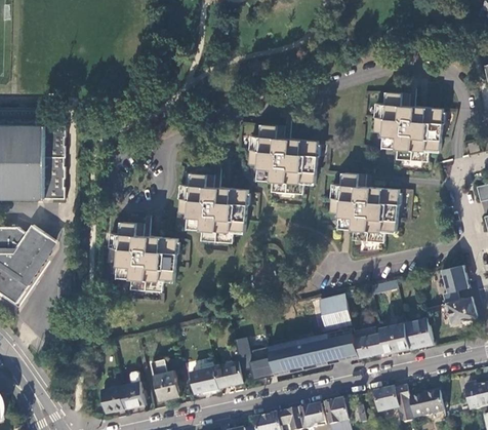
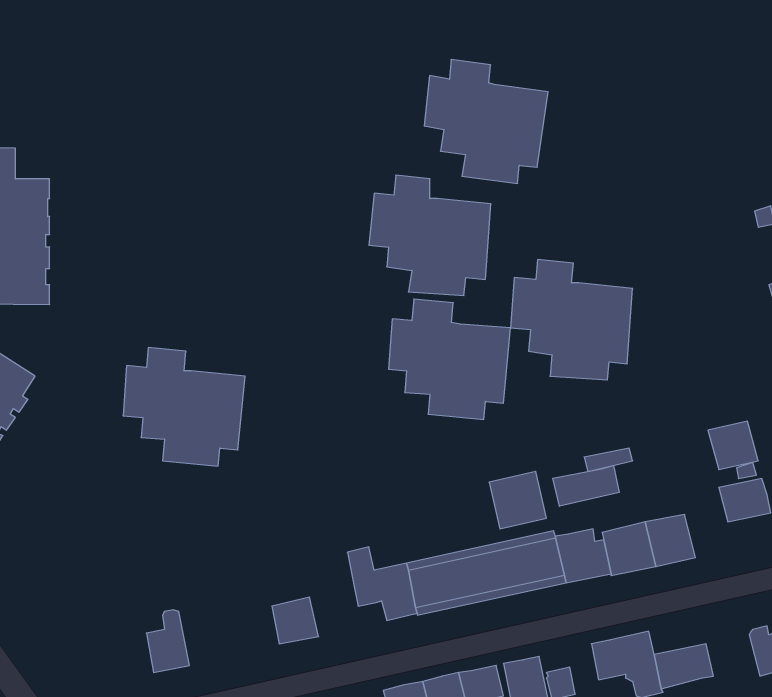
building: [374,91,445,162] -> [424,60,548,183]
building: [176,174,246,243] -> [389,299,511,419]
building: none -> [553,466,619,506]
building: [151,359,180,402] -> none
building: [213,361,244,389] -> none
building: [103,387,124,413] -> none

